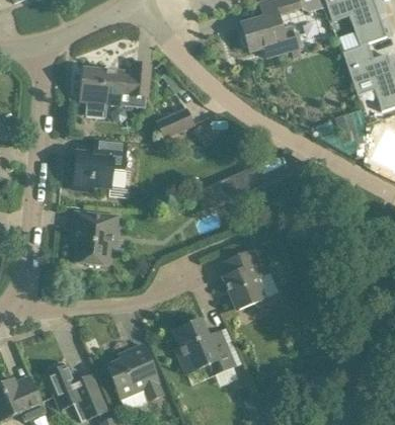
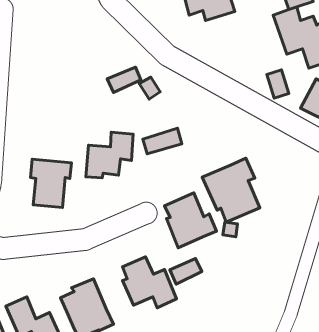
building: [82,63,150,117] -> none
building: [74,138,127,188] -> [86,132,133,178]
building: none -> [202,158,260,222]
building: none -> [170,259,202,284]

